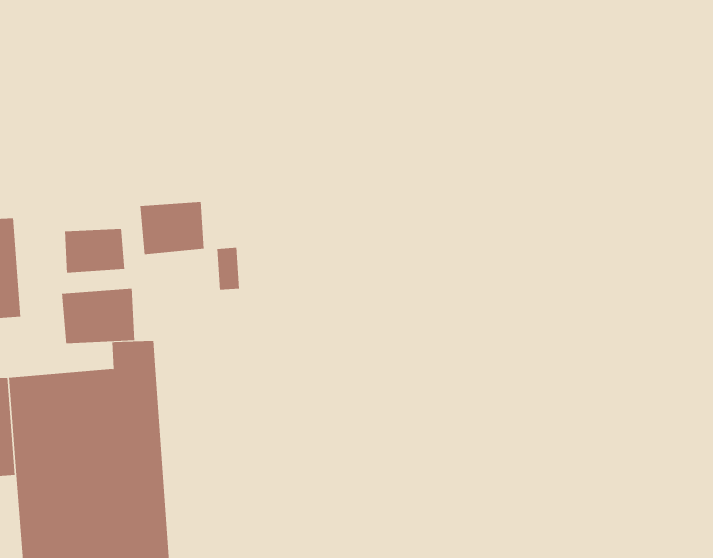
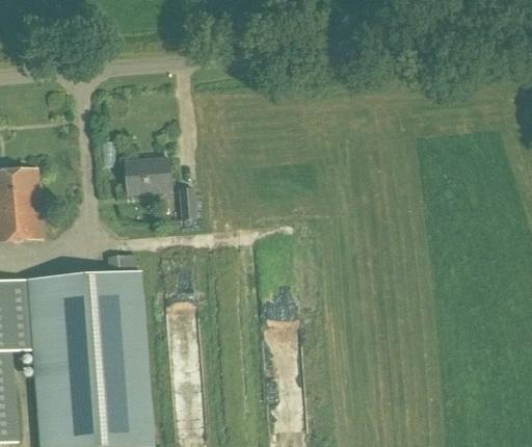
building: [64,228,125,274] -> none
building: [61,288,135,344] -> none

